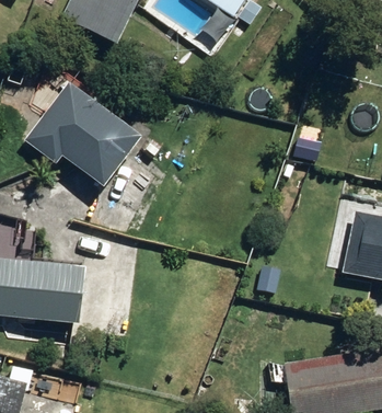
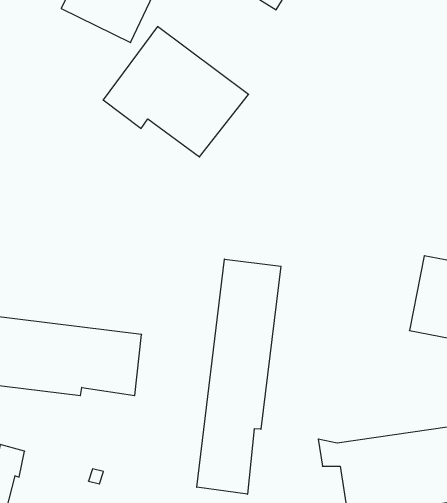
building: [25,81,142,186] -> [103,27,249,157]
building: none -> [197,259,281,494]

